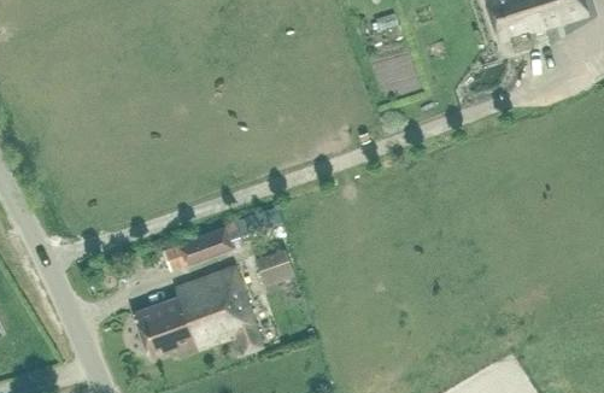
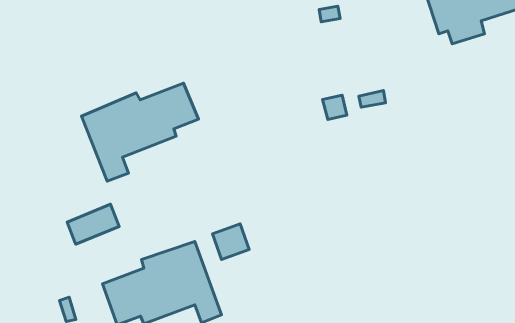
building: none -> [81,83,198,181]
building: [178,222,235,265] -> [67,204,119,244]

